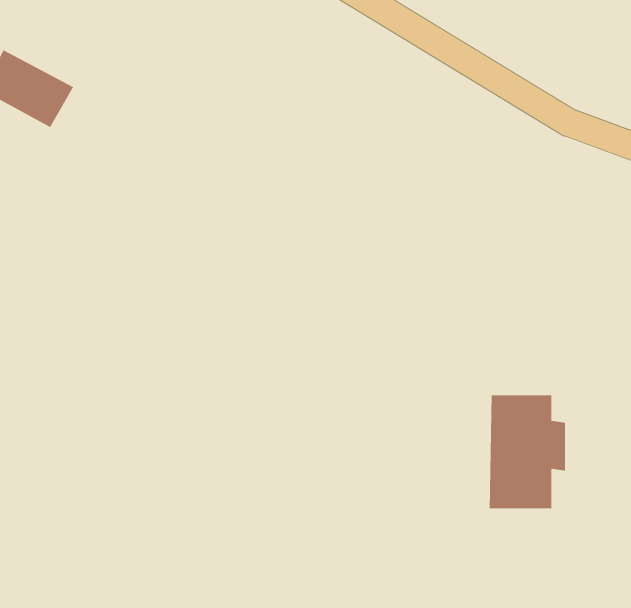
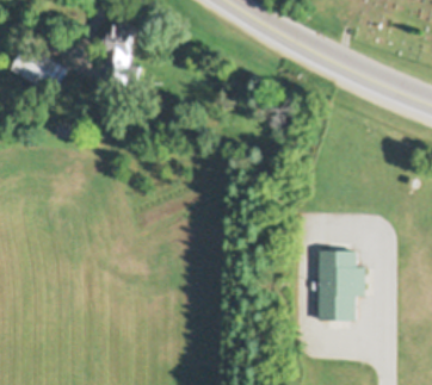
building: none -> [100,19,140,83]

